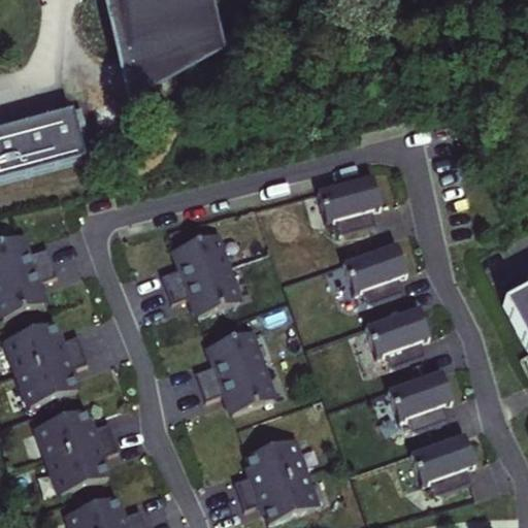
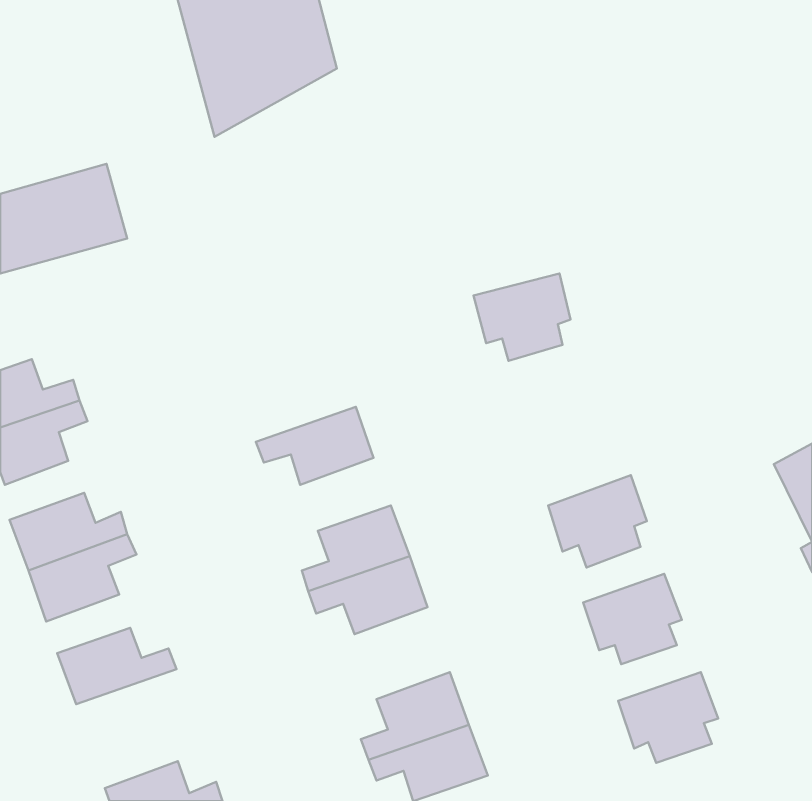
building: [161,230,231,287] -> none
building: [333,244,397,304] -> none
building: [50,434,119,491] -> none

